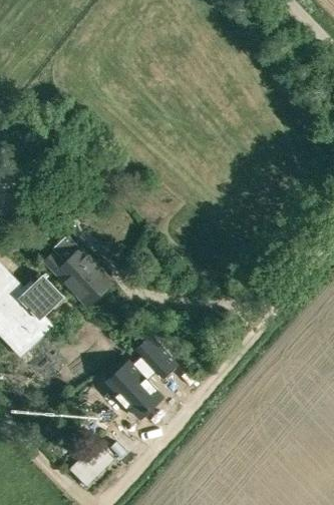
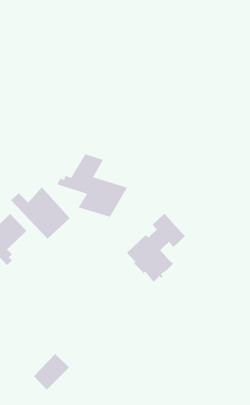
building: none -> [56,154,128,218]
building: [105,337,176,419] -> [126,213,186,283]

